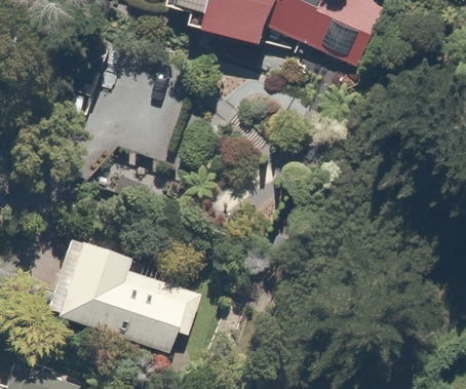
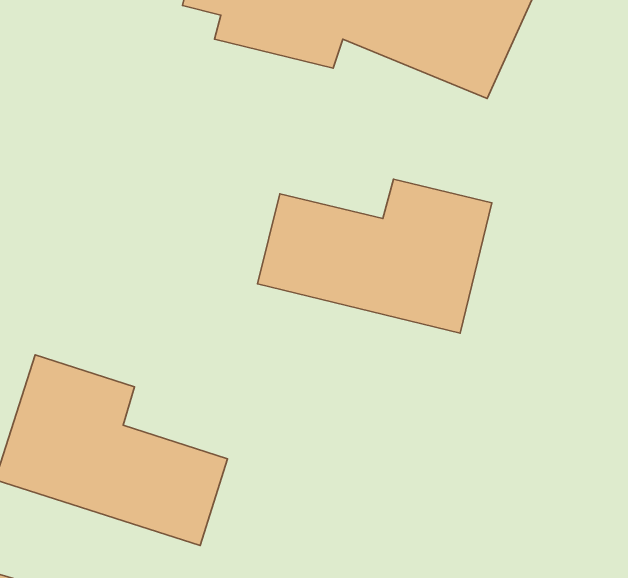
building: none -> [258,179,492,333]

